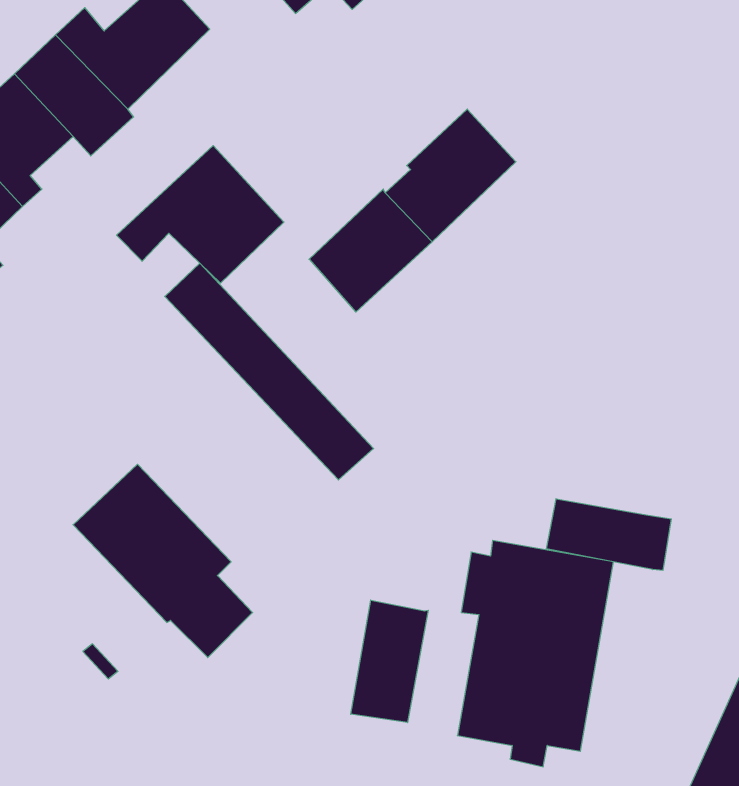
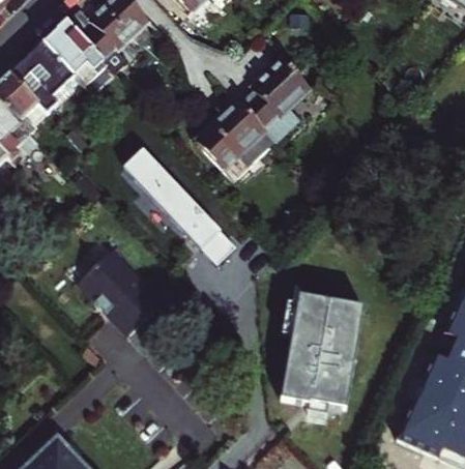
building: [117,146,284,283] -> none
building: [547,499,671,570] -> none
building: [351,600,428,723] -> none

